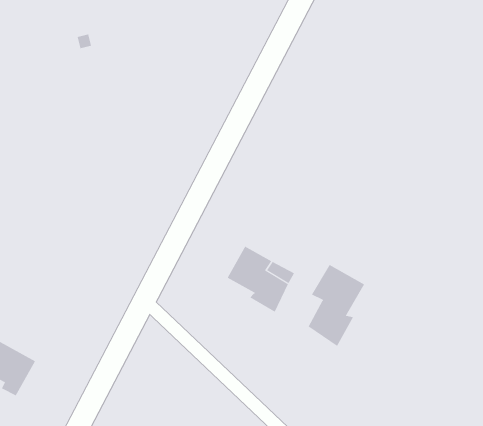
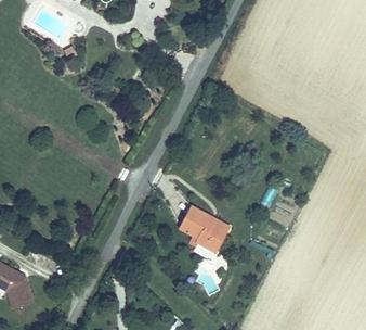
building: [308,264,365,347] -> none

